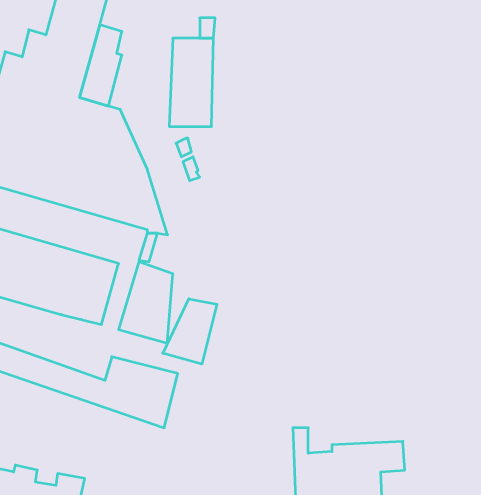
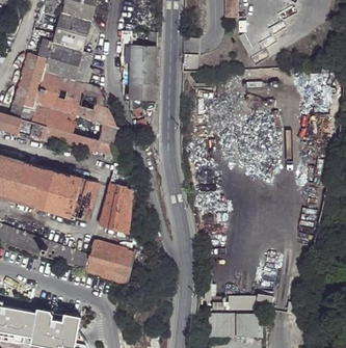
building: [163,299,217,364] -> none

